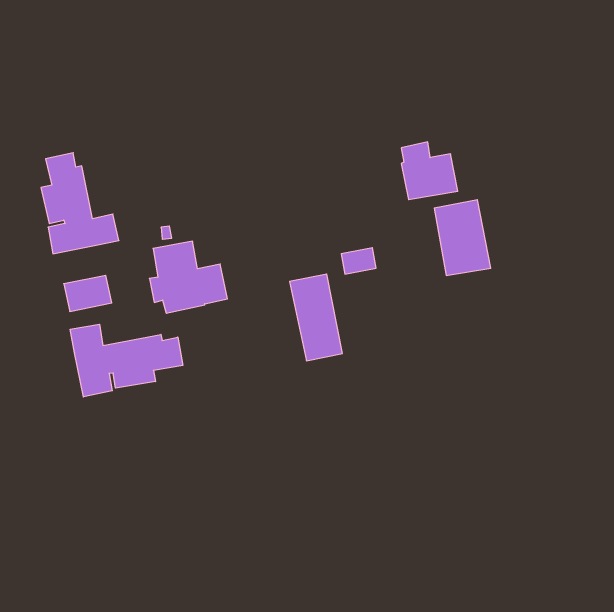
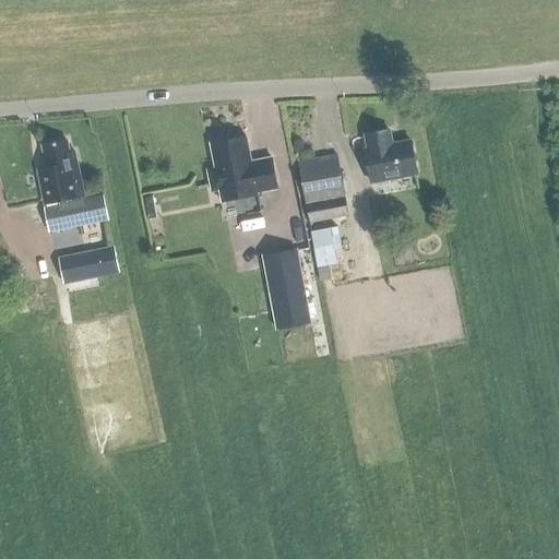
building: [434,200,491,275] -> [297,153,348,222]
building: [149,241,227,313] -> [206,135,277,201]
building: [70,324,183,397] -> none

